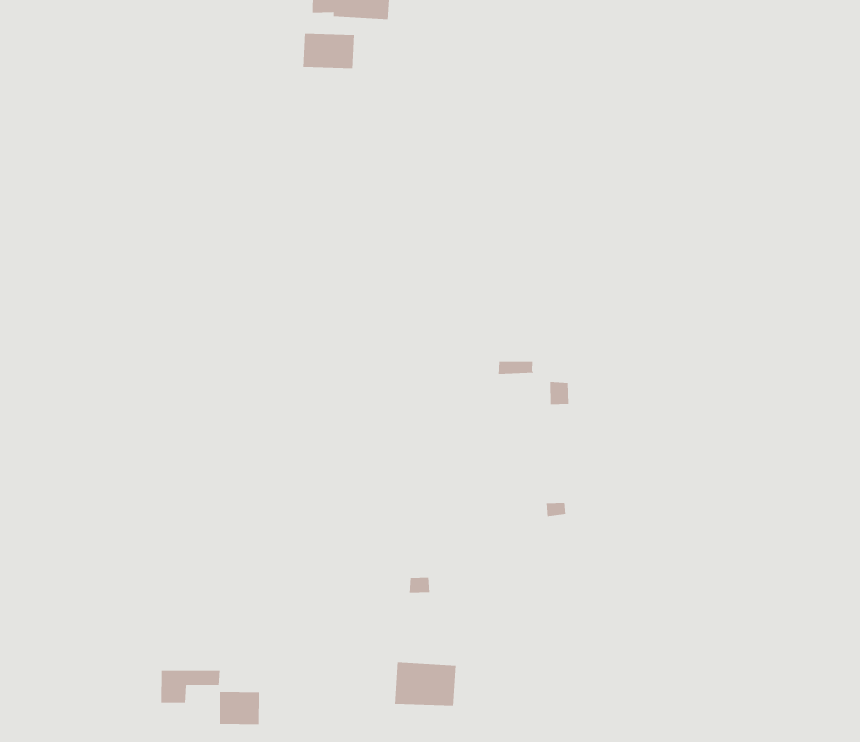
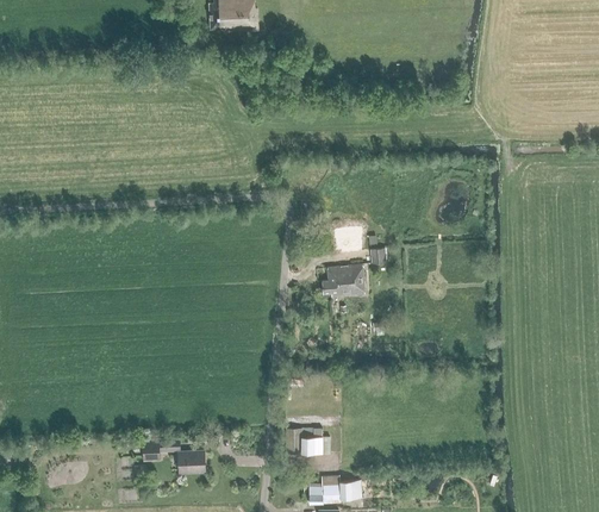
building: [303,33,354,69] -> none
building: none -> [320,264,366,296]

